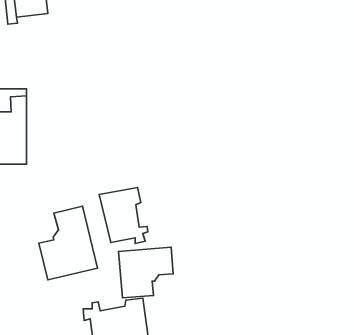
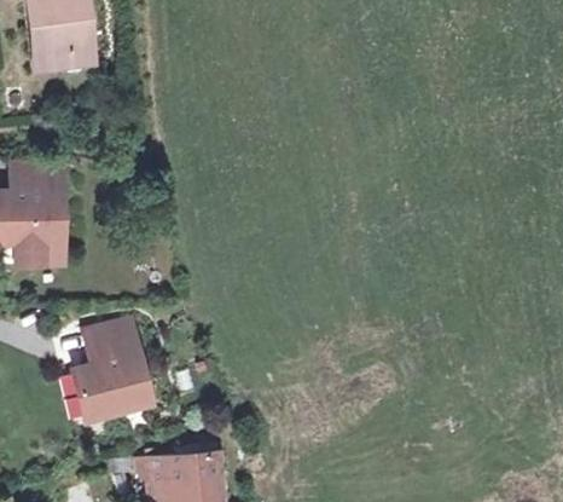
building: [99,188,148,244] -> none
building: [118,247,173,298] -> none

